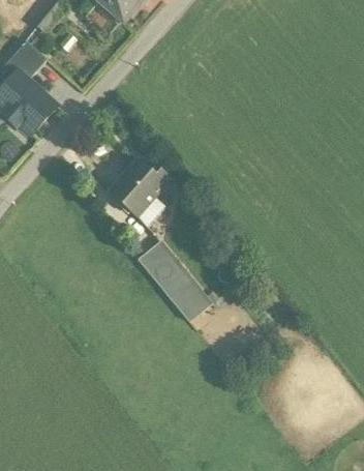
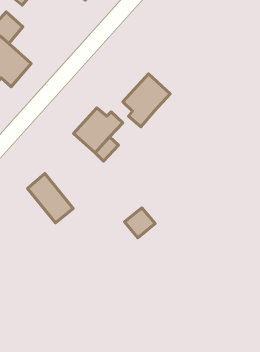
building: none -> [123,74,170,127]
building: [138,240,194,301] -> [27,174,73,223]

